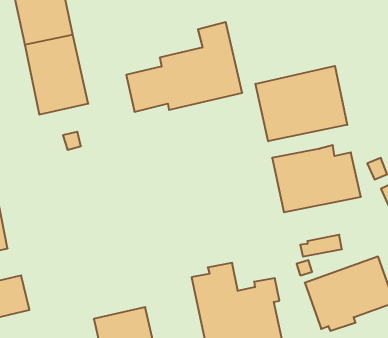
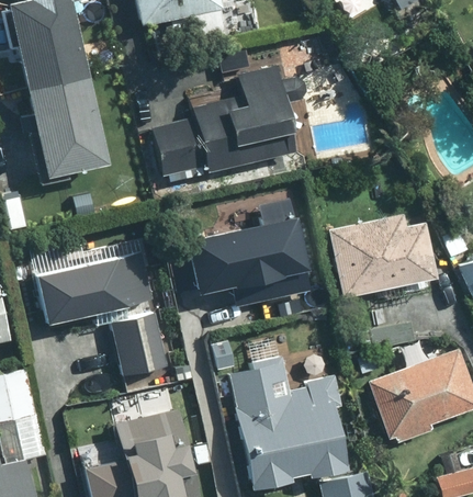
building: [255,66,347,141] -> none
building: none -> [172,202,314,310]
building: none -> [33,251,151,320]
building: none -> [113,314,168,377]

